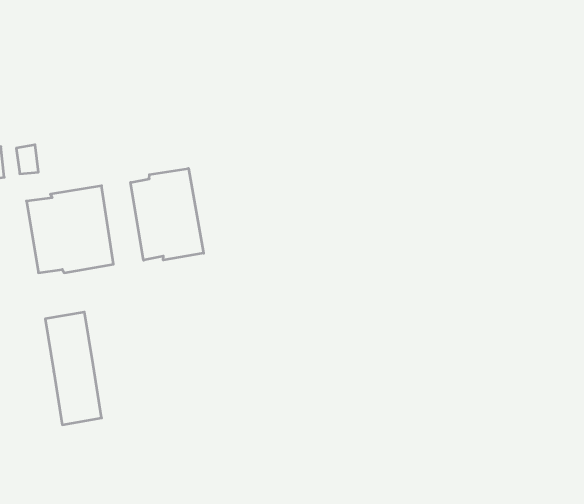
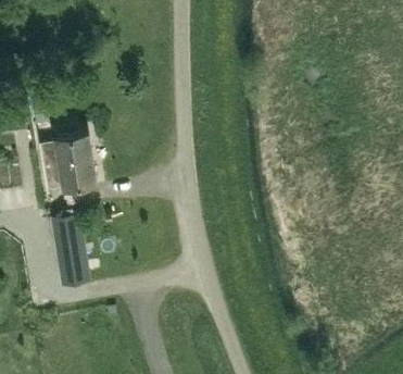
building: [131,168,204,260] -> none

